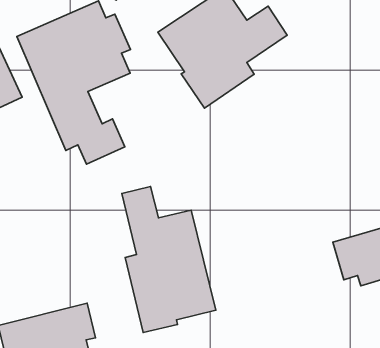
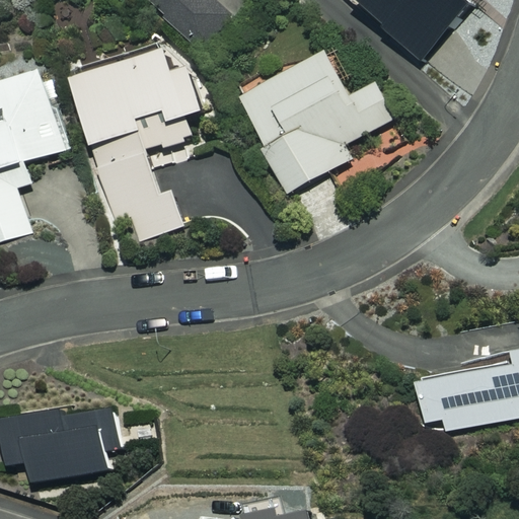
building: [122,186,216,333] -> none

